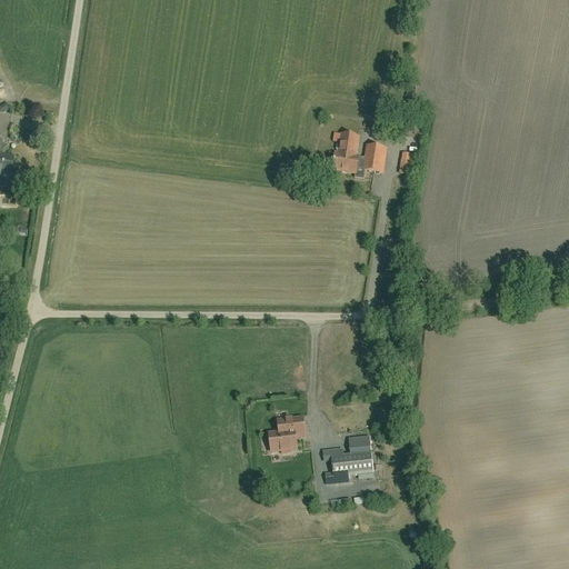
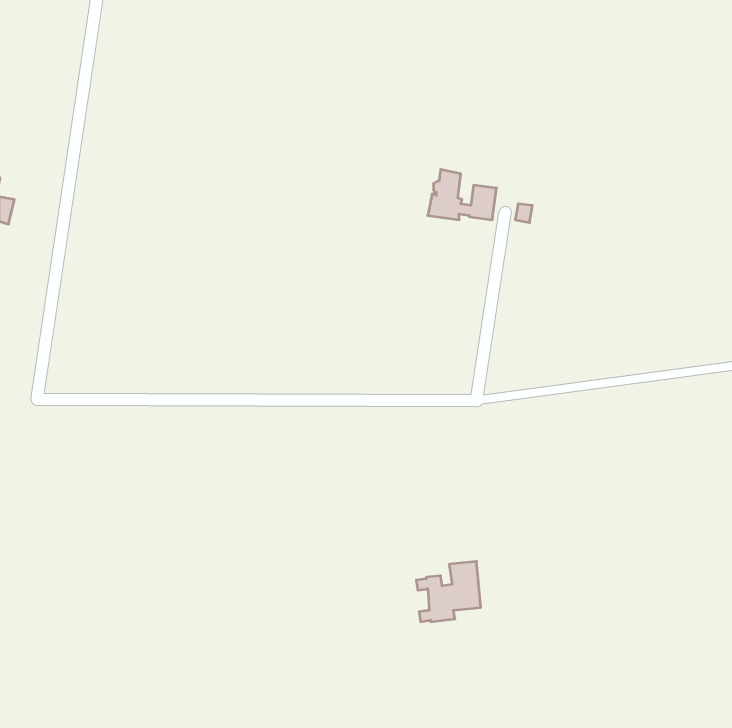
building: [268,415,303,450] -> none

